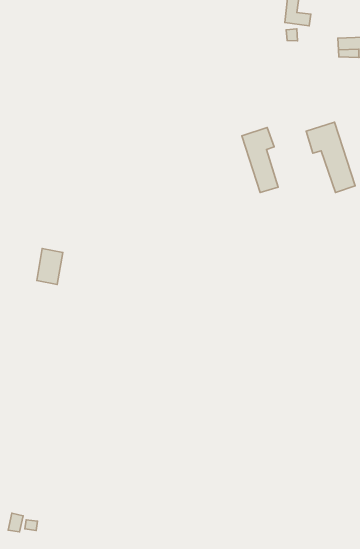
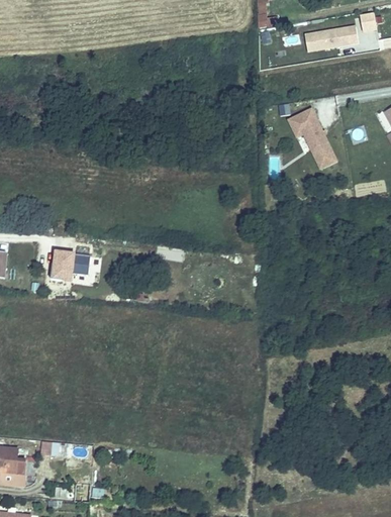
building: [242,127,278,193] -> none
building: none -> [50,247,73,280]

